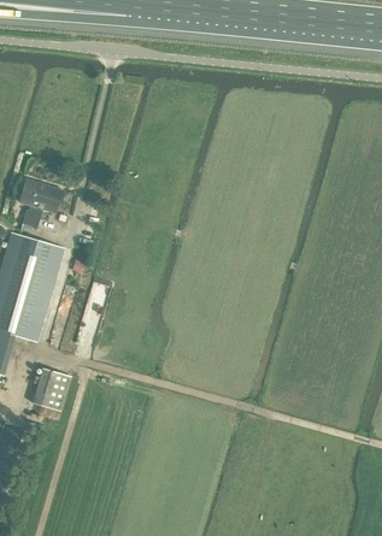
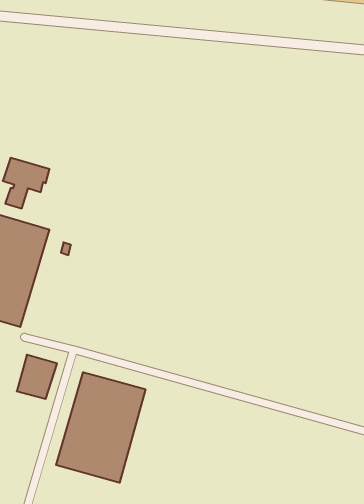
building: none -> [56,372,145,483]

